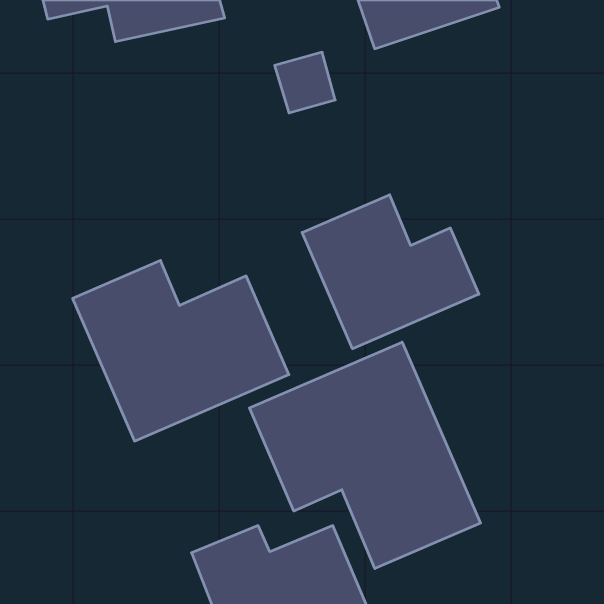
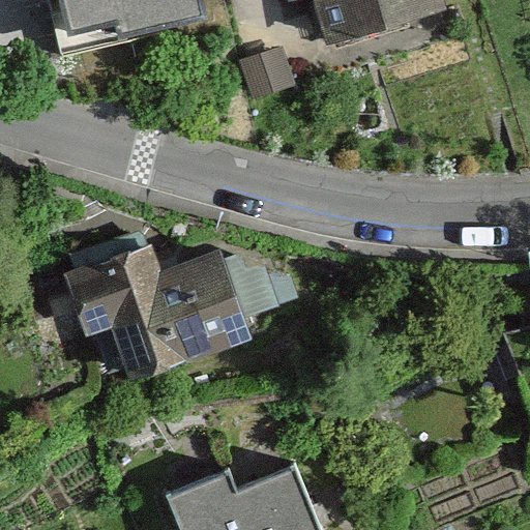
building: [302,195,479,349] -> none
building: [249,342,481,569] -> none

